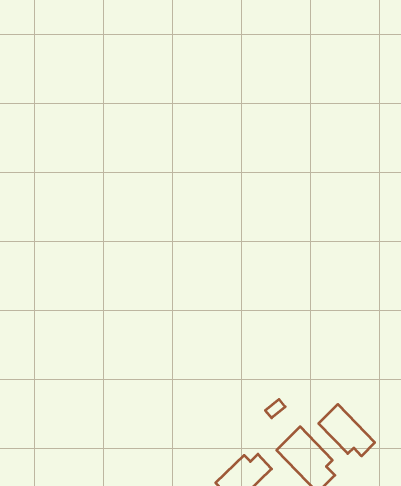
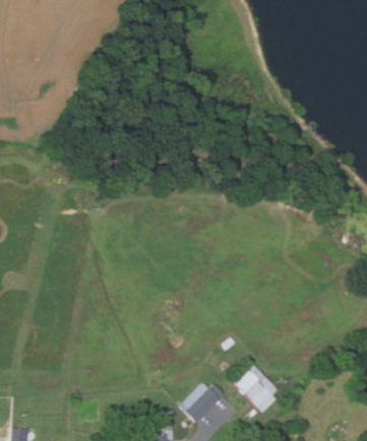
building: [319,404,375,456] -> none

